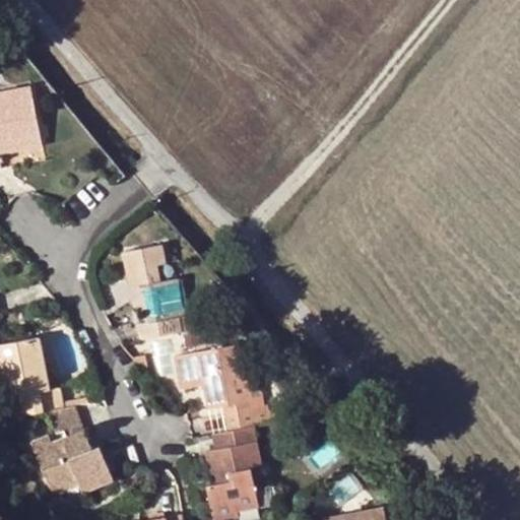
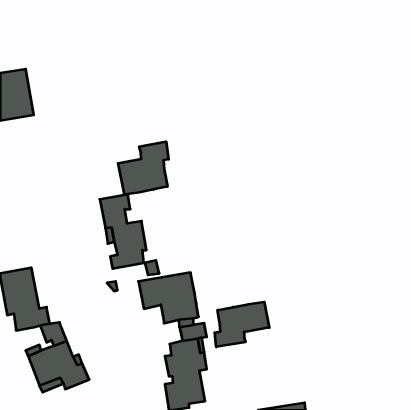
building: none -> [118,142,169,195]
building: none -> [215,302,269,347]

